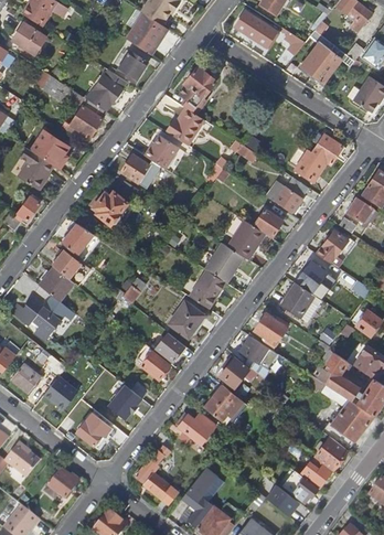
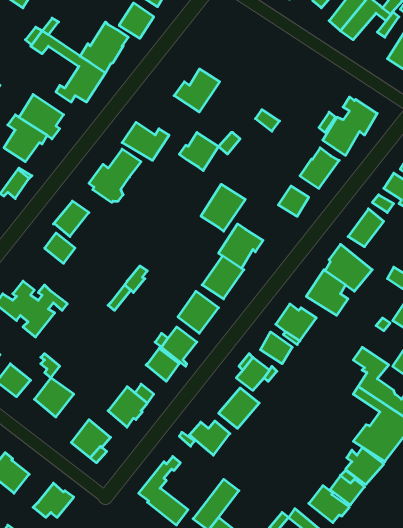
building: [180,66,217,114] -> none
building: [145,136,179,169] -> [179,132,219,171]
building: [227,220,266,260] -> [201,184,245,231]
building: [39,267,74,301] -> none

